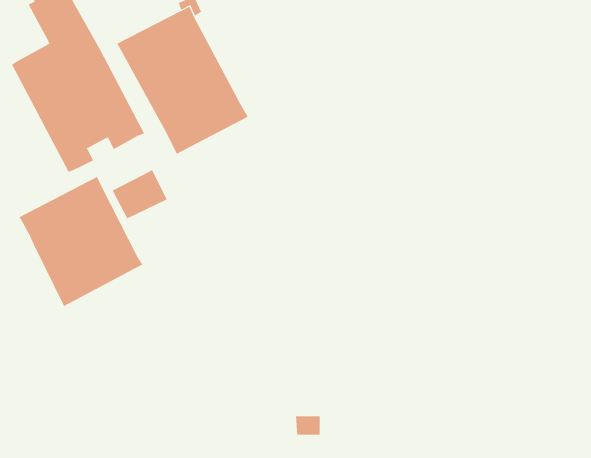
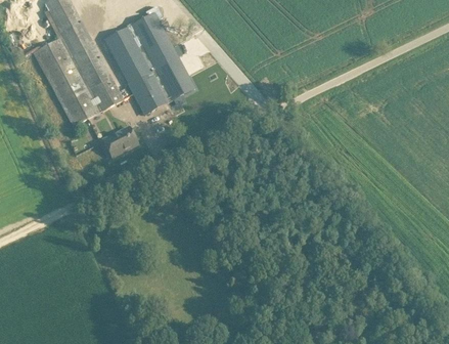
building: [19,176,143,307] -> none

